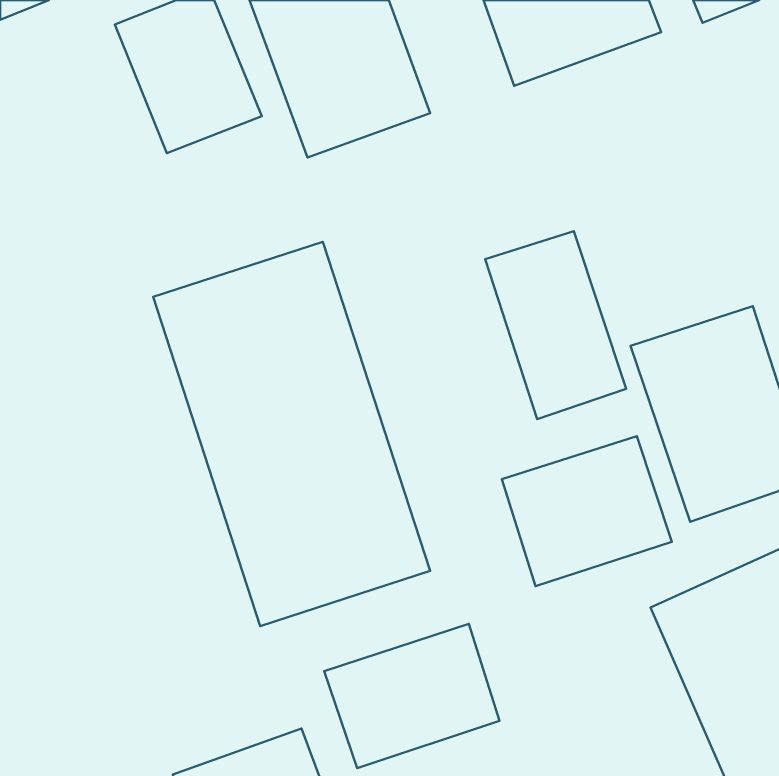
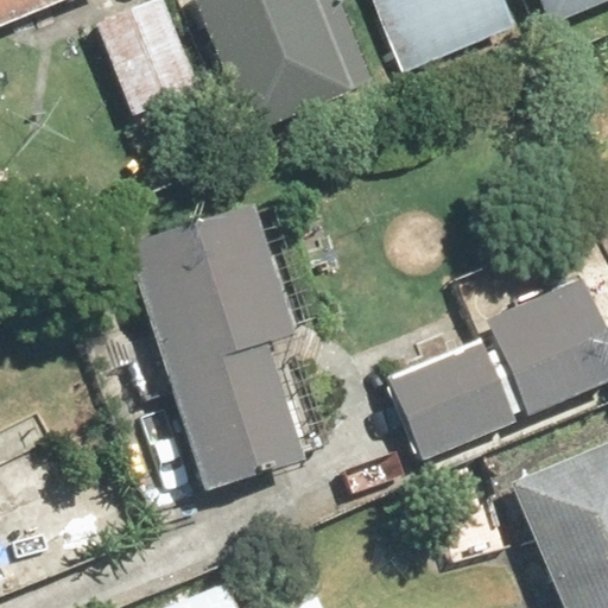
building: [485,231,626,419] -> none
building: [324,624,499,768] -> none

